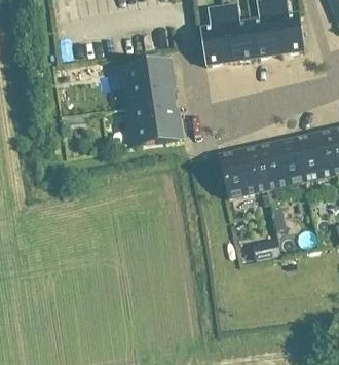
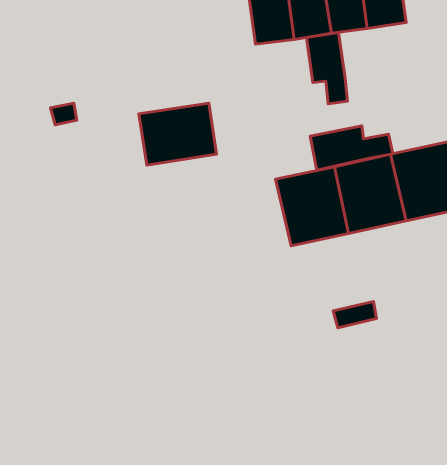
building: [121,52,174,110] -> none
building: none -> [306,32,348,104]
building: none -> [310,126,393,170]

